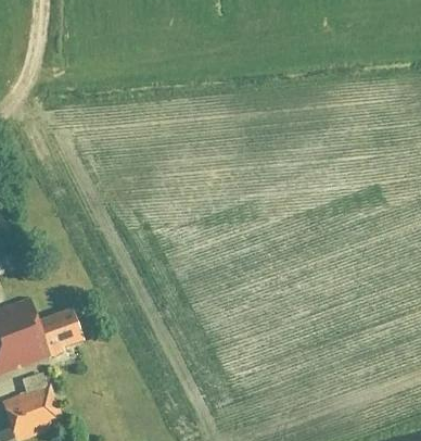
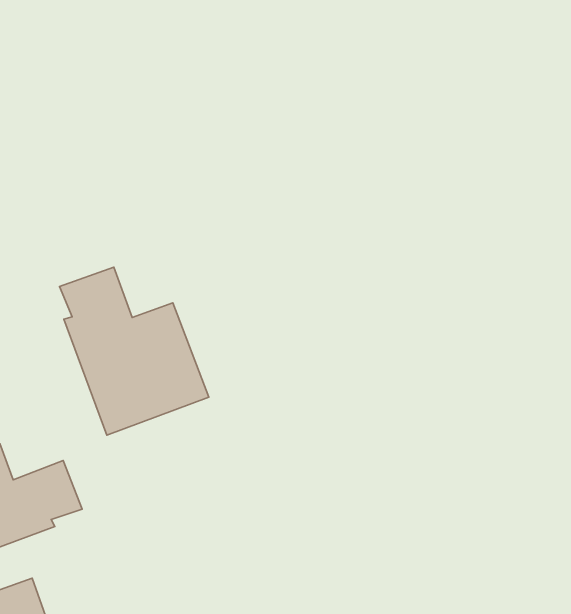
building: none -> [59,267,209,435]

